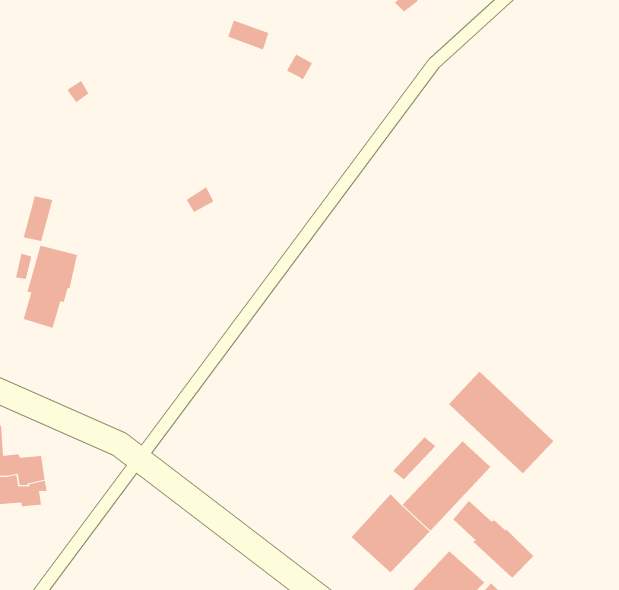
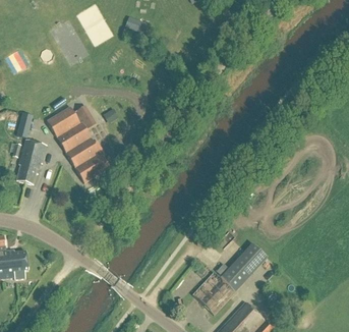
building: none -> [46,104,109,181]
building: [448,371,554,474] -> none
building: [452,500,534,578] -> none

